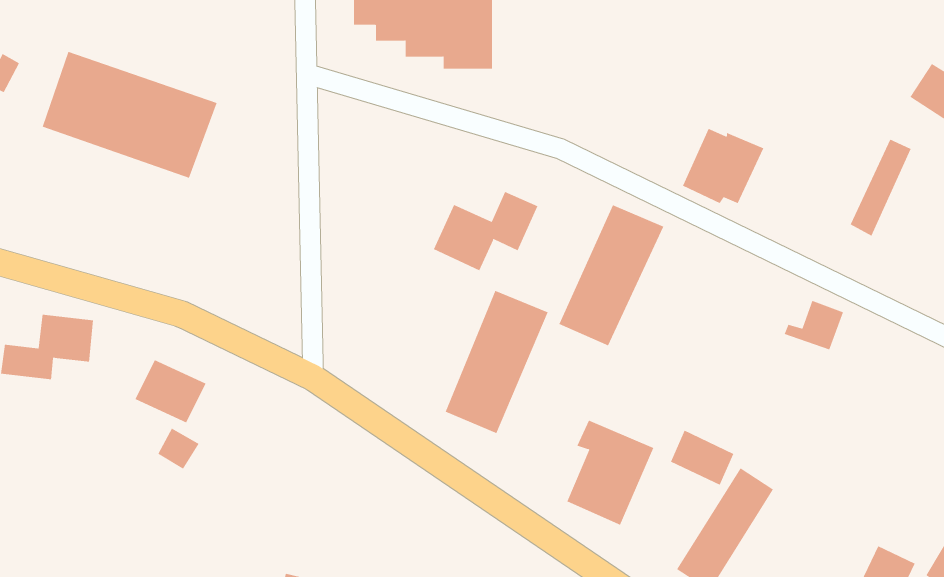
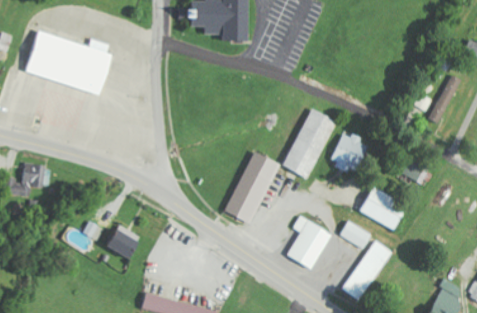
building: [682,128,764,204] -> [328,133,369,171]
building: [433,191,538,271] -> none
building: [135,359,206,423] -> [106,225,142,257]
building: none -> [358,186,409,233]

